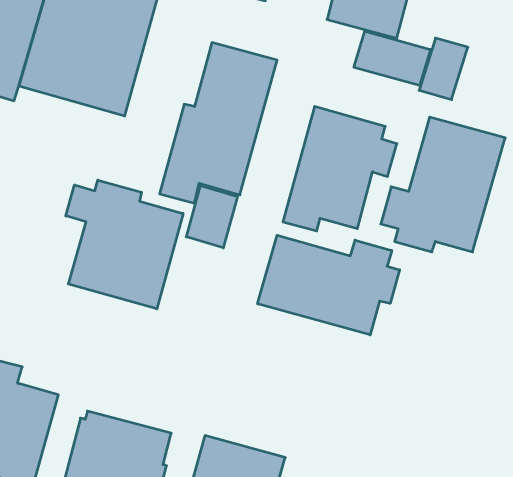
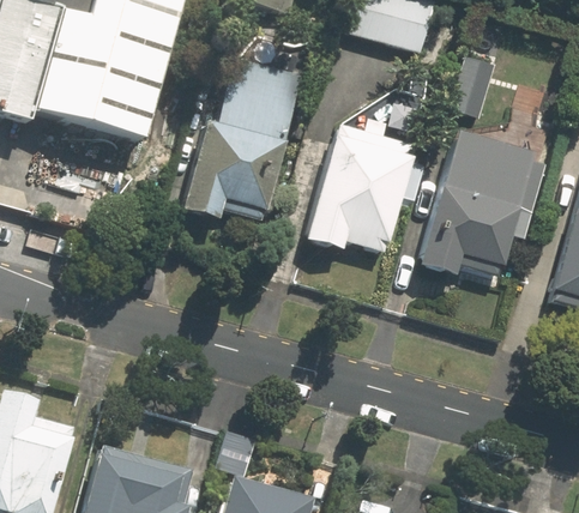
building: [354,31,430,85] -> none
building: [66,180,183,309] -> none
building: [186,186,237,248] -> none
building: [258,235,400,335] -> none

